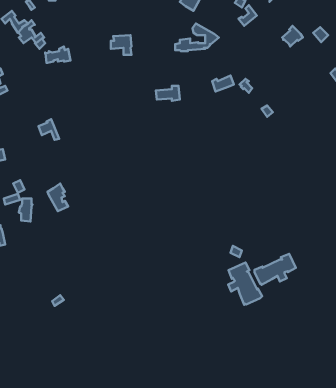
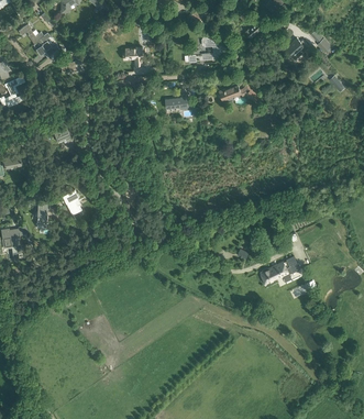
building: [228,263,262,305] -> none

